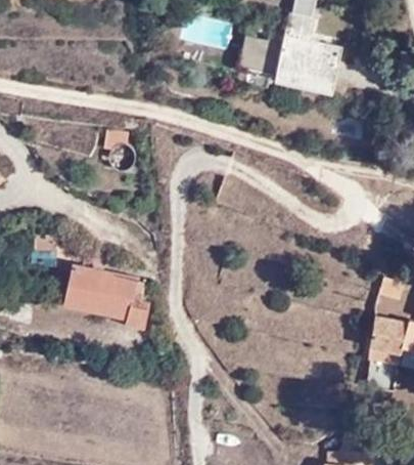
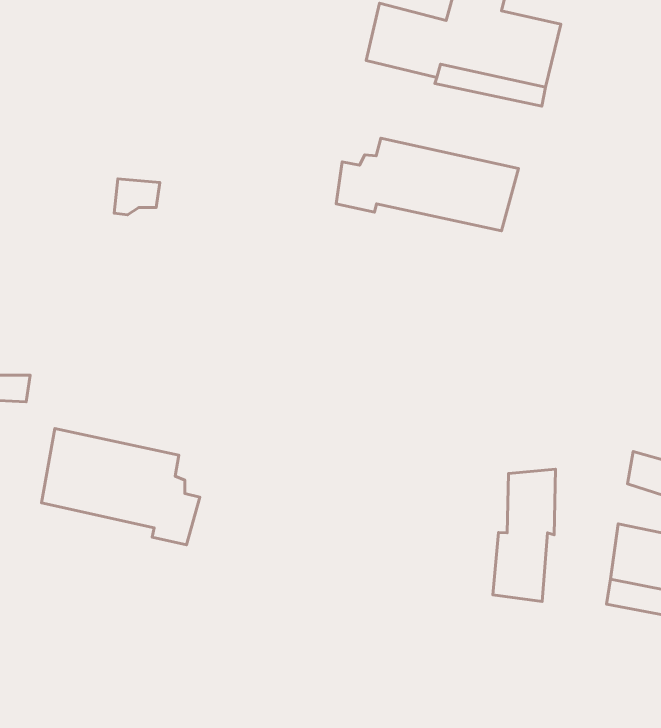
building: none -> [336,138,519,231]
building: none -> [493,469,555,602]

